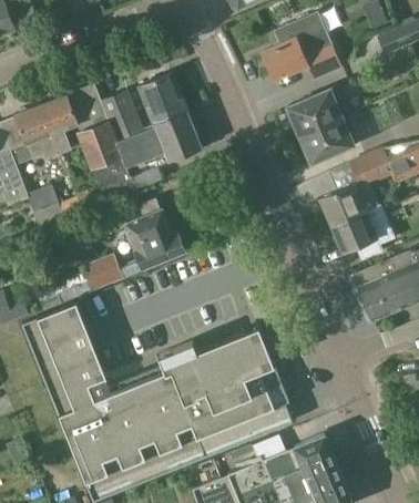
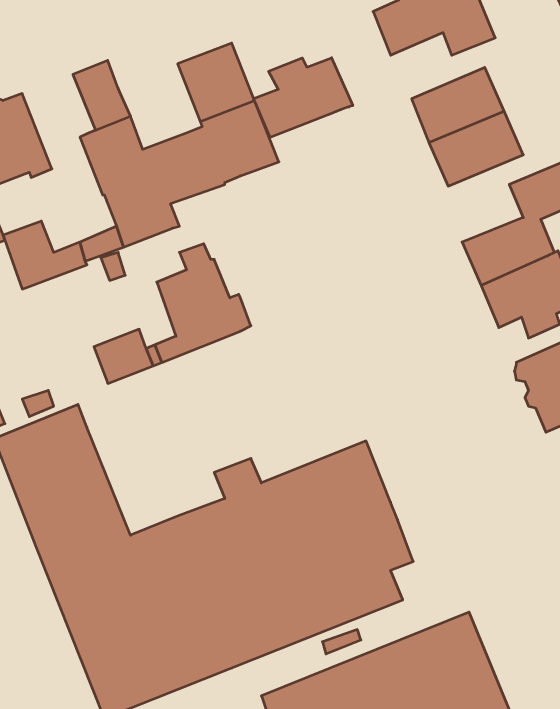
building: none -> [254,58,353,137]
building: [101,91,143,140] -> none
building: [40,94,78,152] -> none

